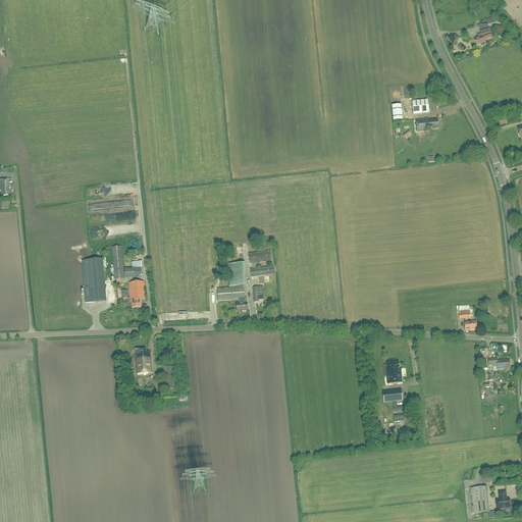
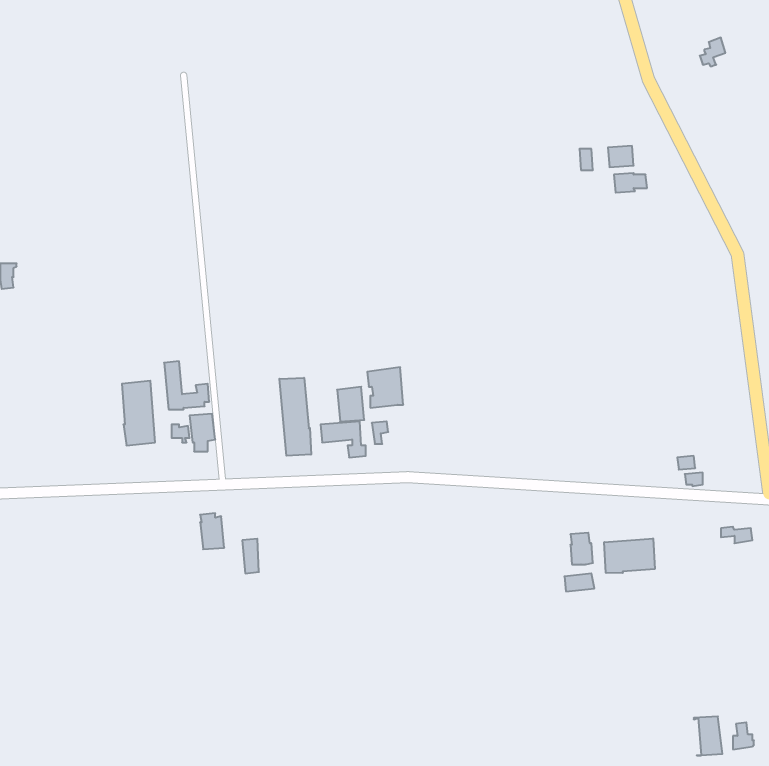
building: none -> [279,378,311,456]
building: none -> [604,538,655,573]

